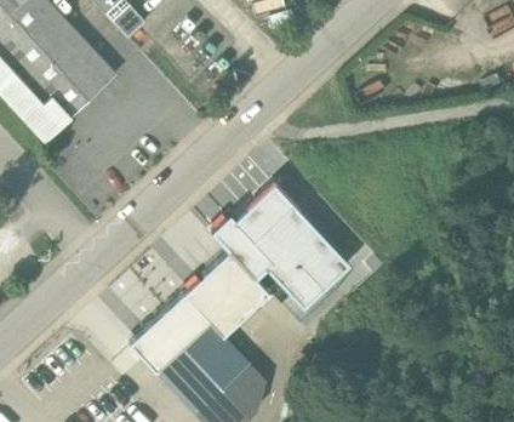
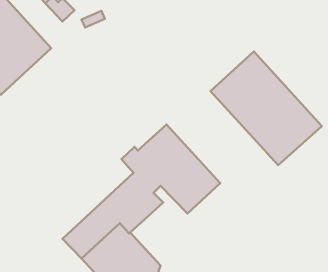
building: none -> [210,52,322,165]

